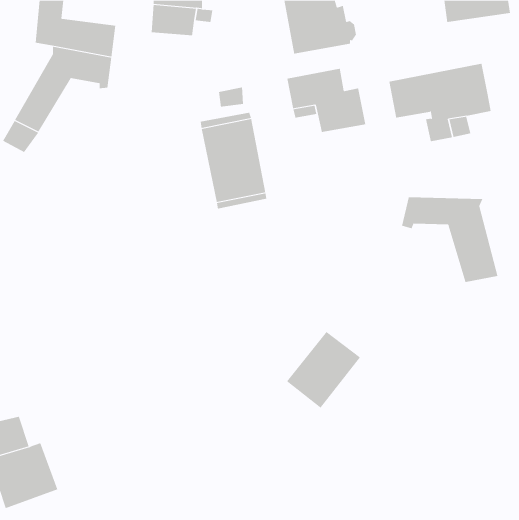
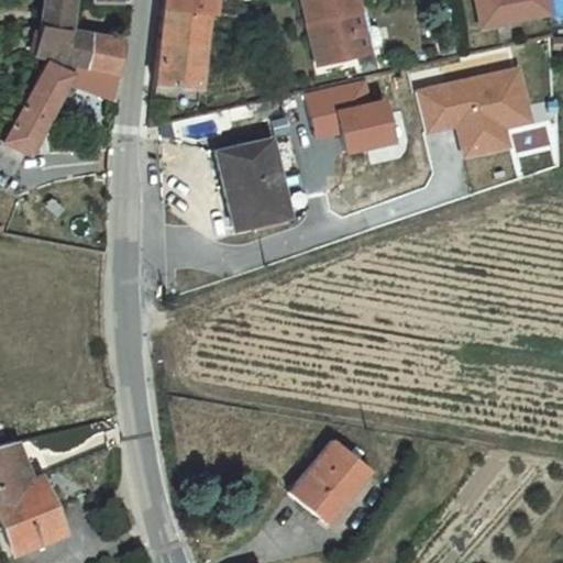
building: none -> [157,36,208,93]
building: [402,197,498,283] -> none
building: [286,331,361,409] -> [287,444,367,528]

